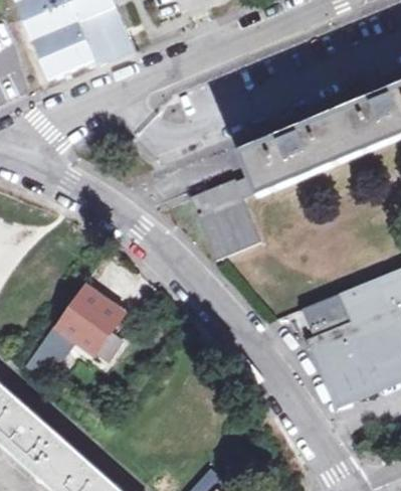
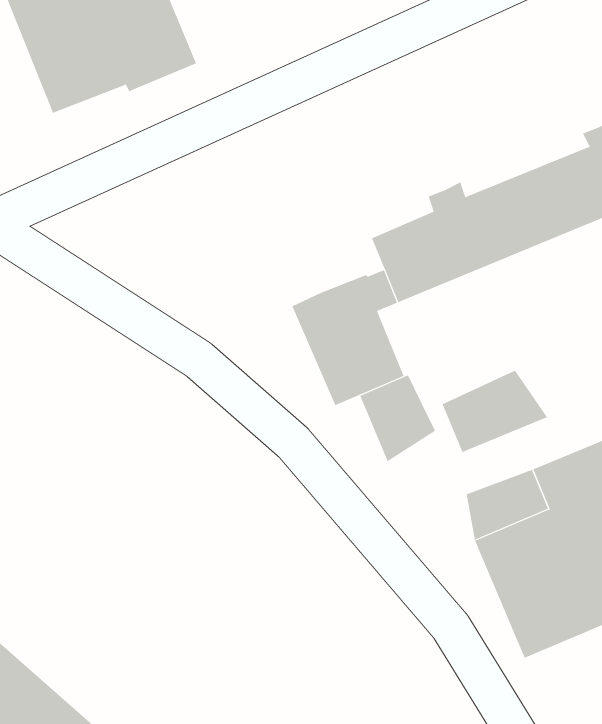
building: none -> [442,370,548,453]
building: none -> [359,374,436,462]
building: [30,290,124,375] -> none

